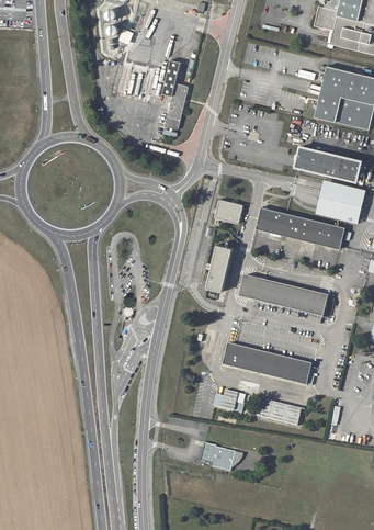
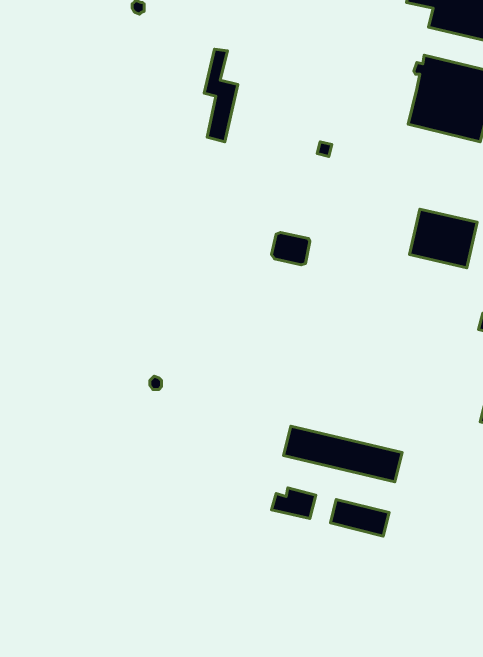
building: [297,148,362,181] -> none
building: [256,206,343,247] -> none
building: [206,243,233,291] -> none
building: [238,273,327,314] -> none
building: [201,442,235,471] -> none

